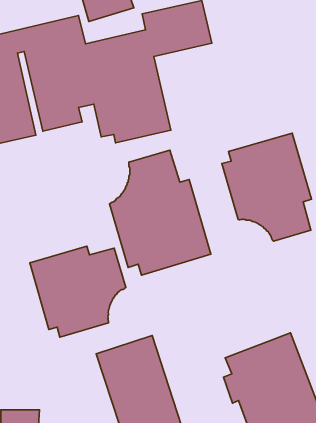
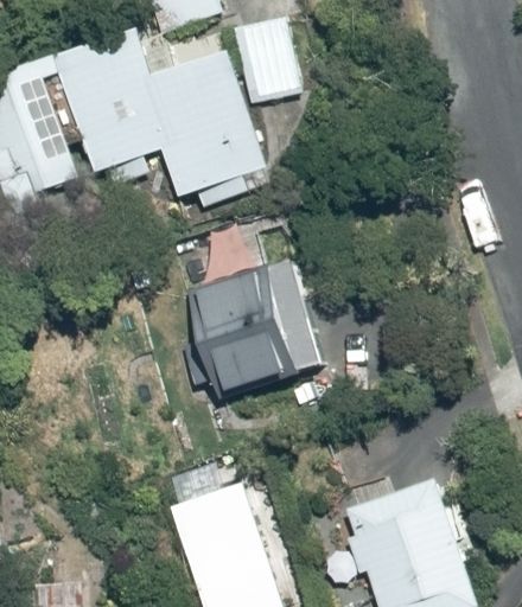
building: [222,133,312,241] -> none
building: [30,246,126,337] -> none

